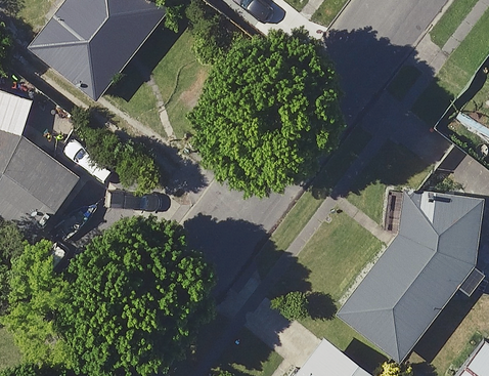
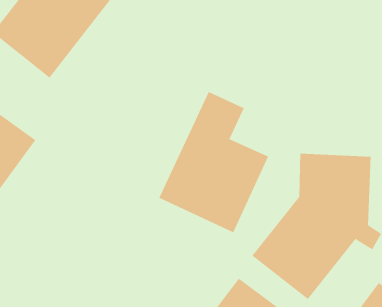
building: none -> [159,91,269,233]

